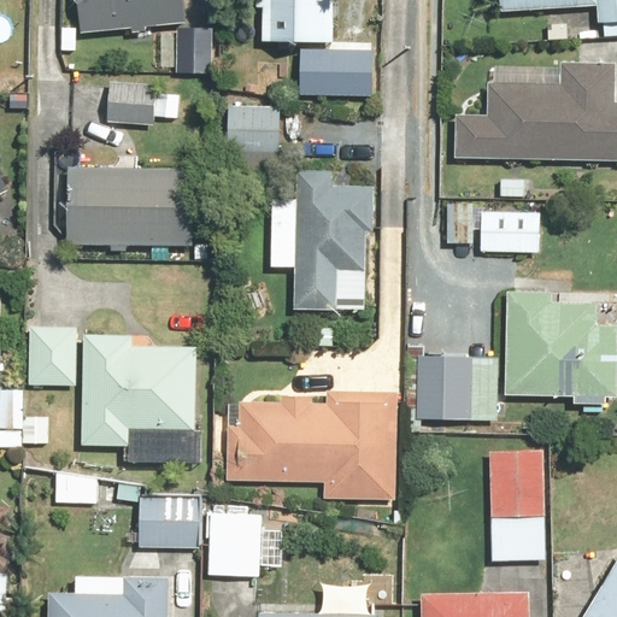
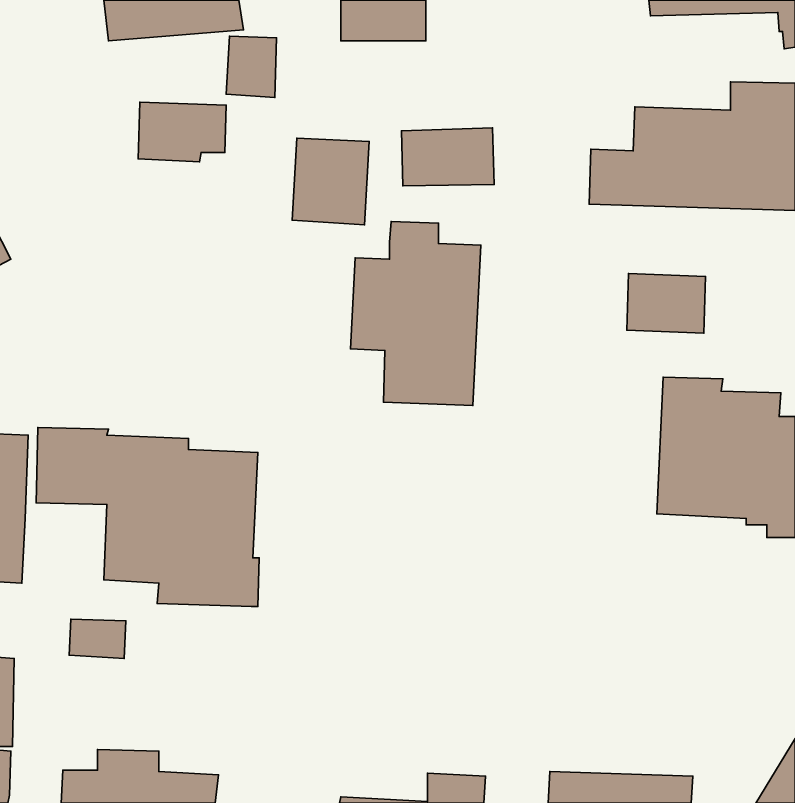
building: [299,46,370,90] -> [401,128,494,186]
building: [65,168,194,249] -> none
building: [415,353,498,421] -> none
building: [224,389,396,500] -> none
building: [489,449,547,559] -> none
building: [136,499,198,550] -> none
building: [205,506,260,577] -> none

